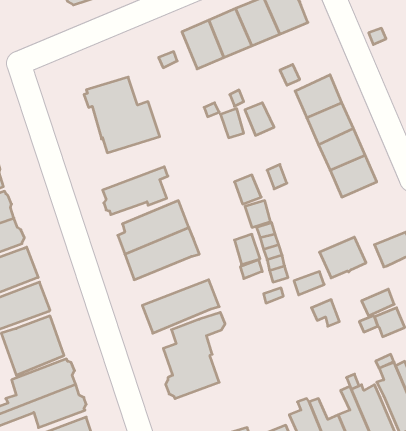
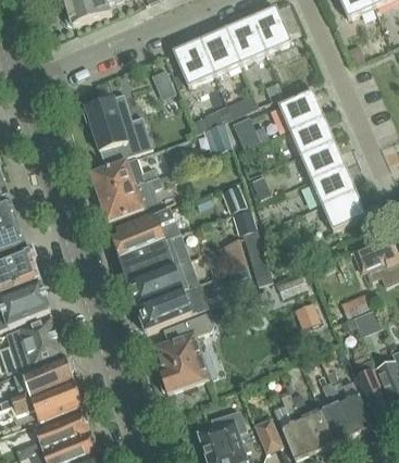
building: none -> [89,158,157,199]
building: [319,237,366,278] -> [322,191,365,229]
building: none -> [128,259,198,306]

